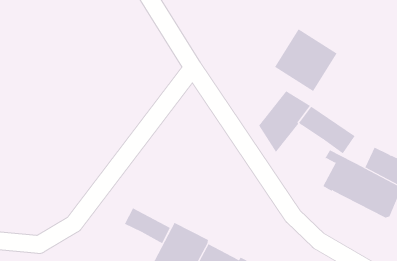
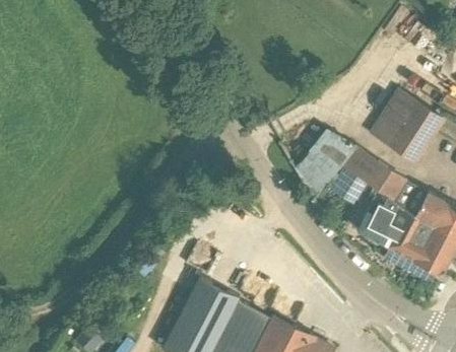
building: [274,28,338,92] -> [371,90,443,162]
building: none -> [332,167,369,202]
building: [124,207,171,244] -> none

